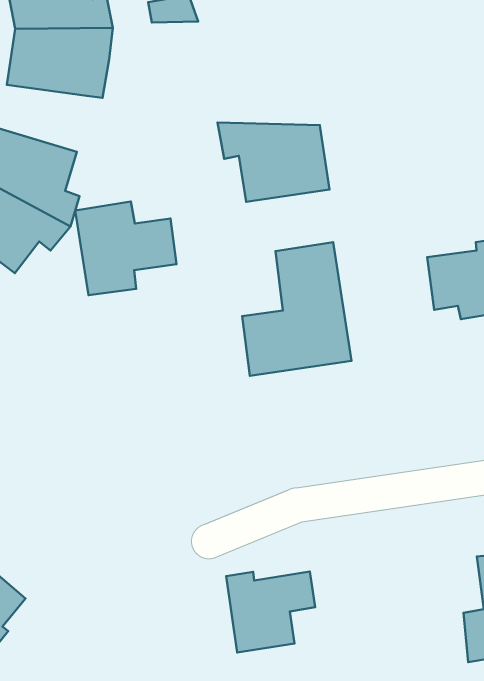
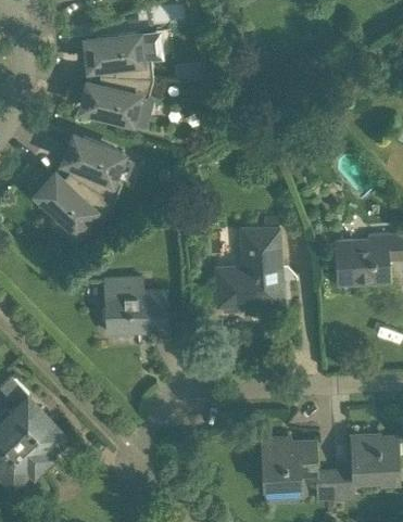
building: [217,123,329,202] -> none
building: [75,202,177,295] -> [104,278,165,334]
building: [226,572,315,653] -> [261,438,315,488]
building: none -> [314,470,338,502]

